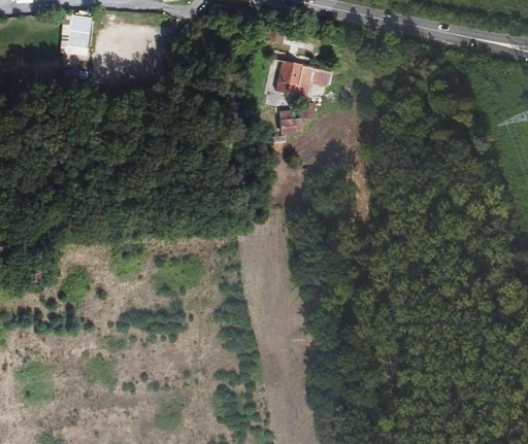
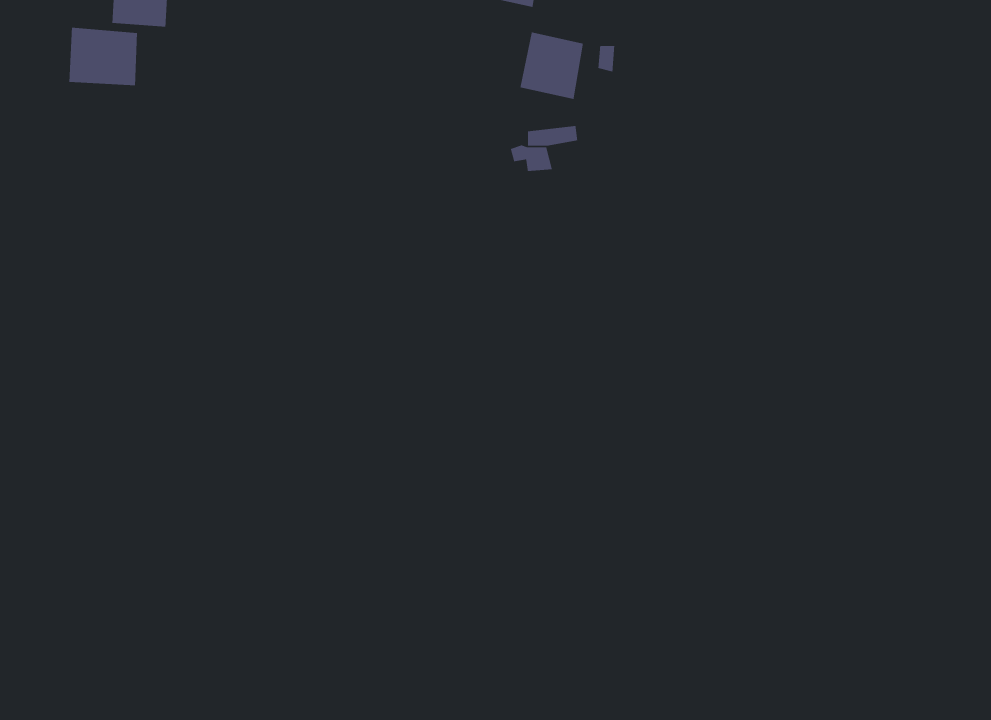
building: none -> [69,27,138,86]

